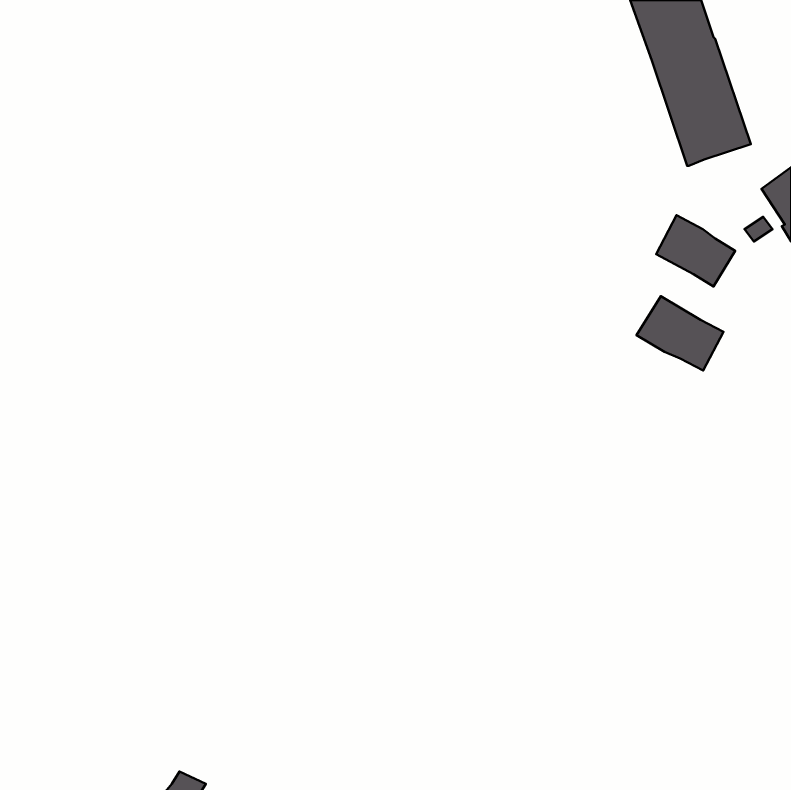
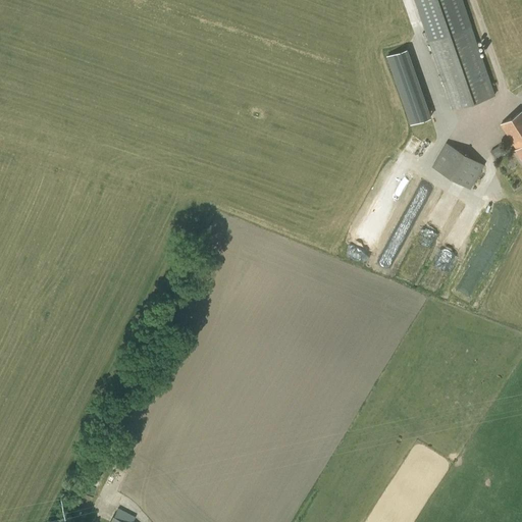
building: none -> [389,48,433,124]
building: [637,296,724,371] -> none

